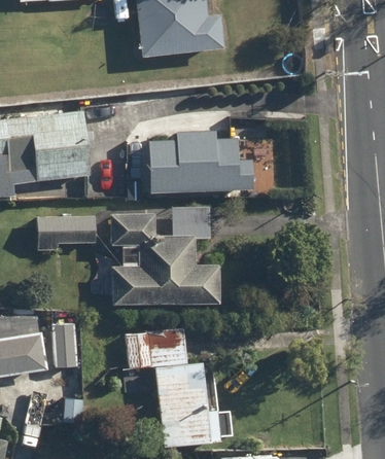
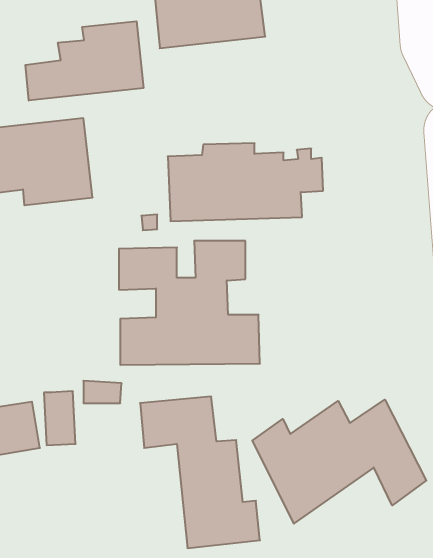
building: none -> [25,21,143,101]
building: [37,218,95,250] -> none
building: none -> [252,400,426,524]

